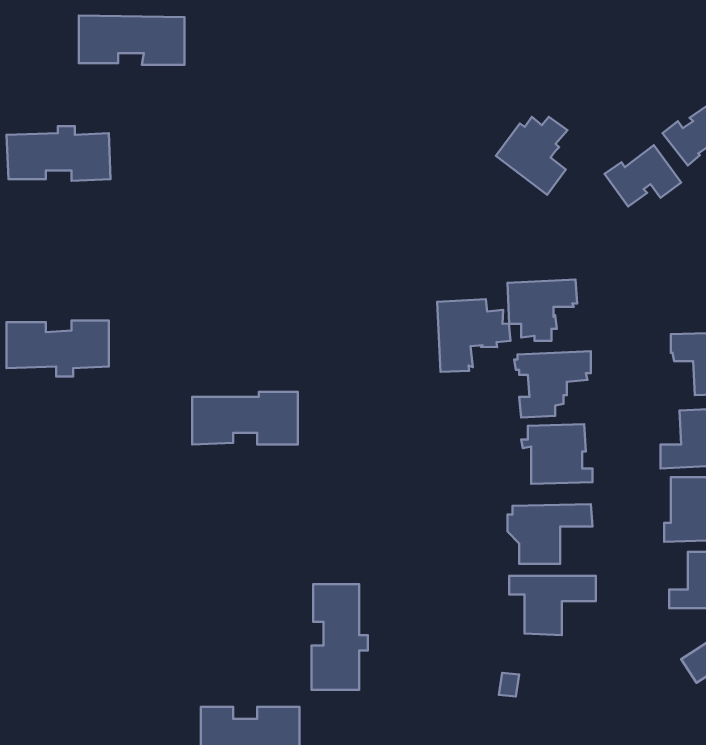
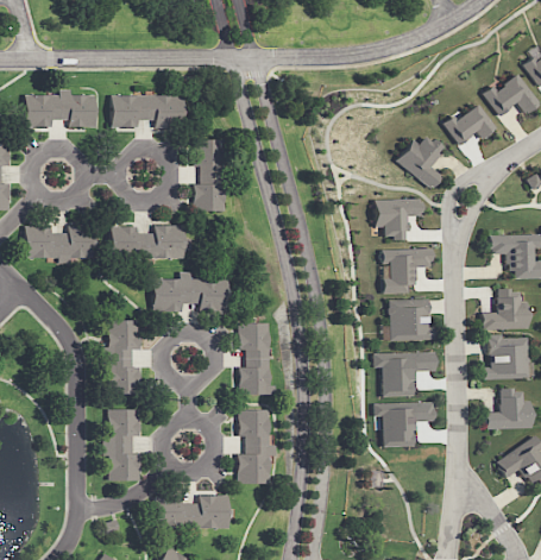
building: [79,16,185,65] -> [112,95,185,130]
building: [496,117,568,195] -> [396,133,446,188]
building: none -> [195,140,227,212]
building: [437,299,511,372] -> none
building: none -> [112,226,188,258]
building: none -> [107,320,141,392]
building: none -> [239,323,276,395]
building: none -> [106,409,140,482]

